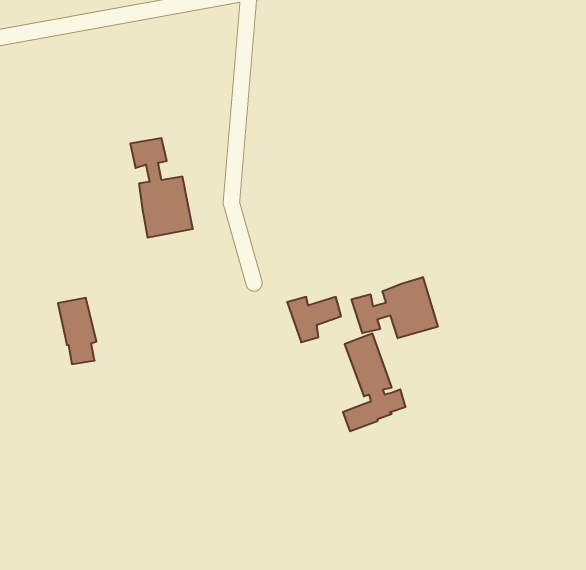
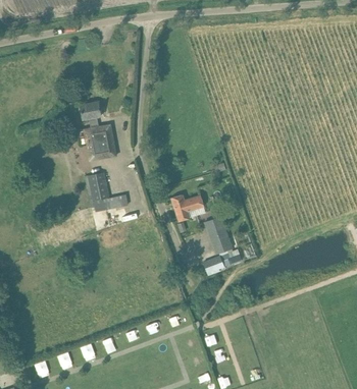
building: [352,277,438,338] -> none
building: [58,298,96,364] -> [87,173,109,212]

